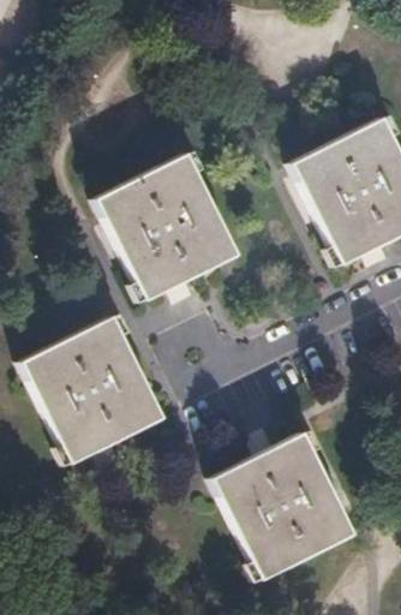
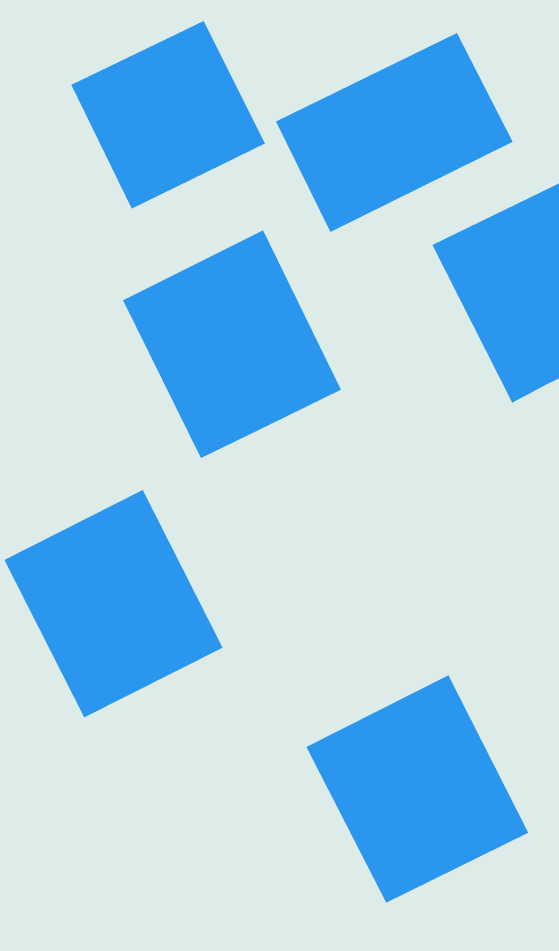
building: none -> [71,20,266,209]
building: none -> [275,32,514,233]

